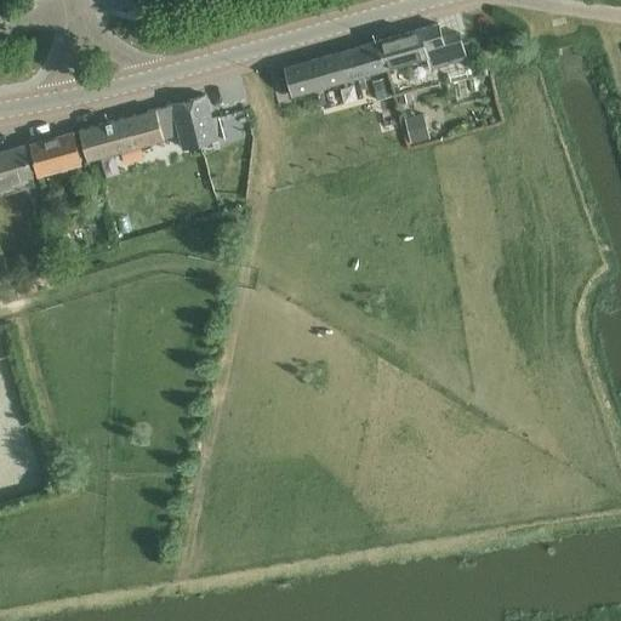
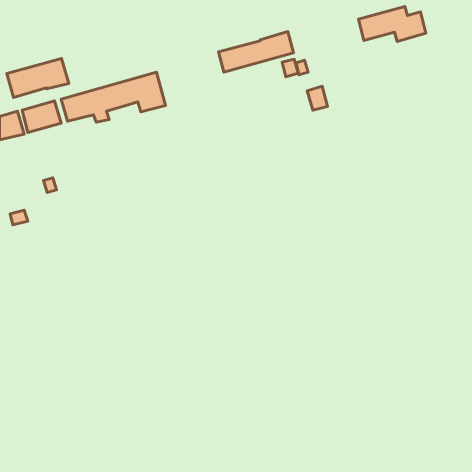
building: [377,25,466,72] -> [358,6,426,42]
building: none -> [7,58,69,98]

